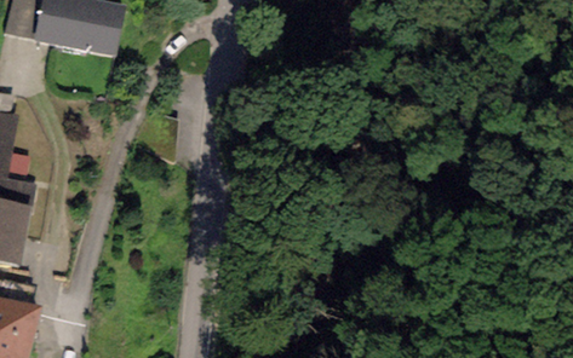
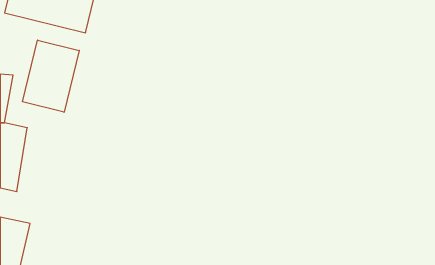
building: none -> [23,40,79,112]

